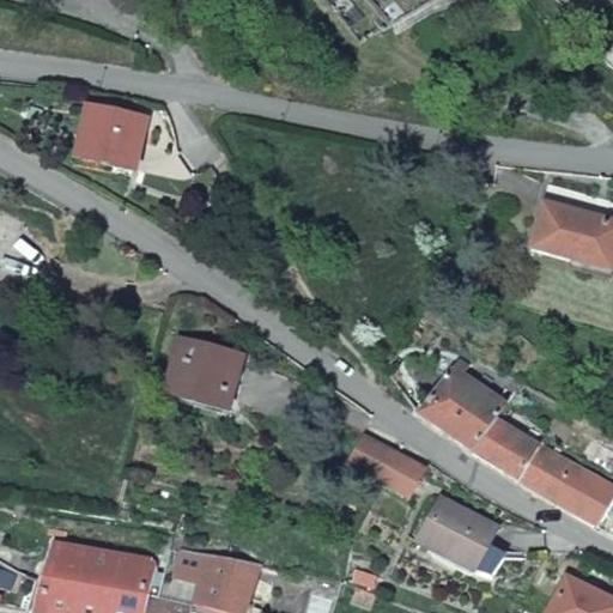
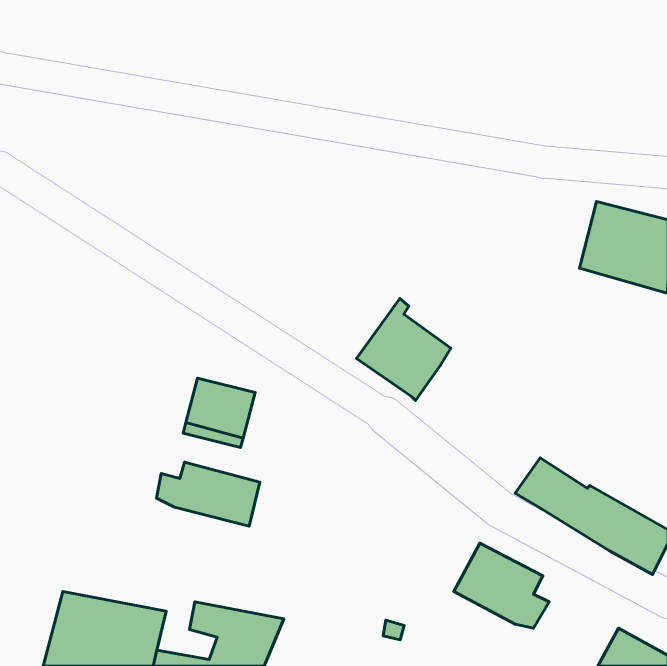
building: [83,110,139,163] -> none
building: [419,358,505,451] -> [357,298,451,401]
building: none -> [156,462,260,526]
building: [348,433,424,496] -> none

